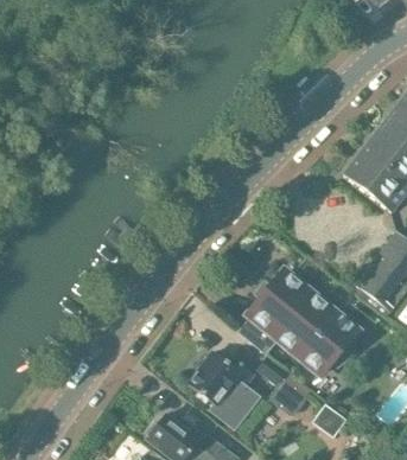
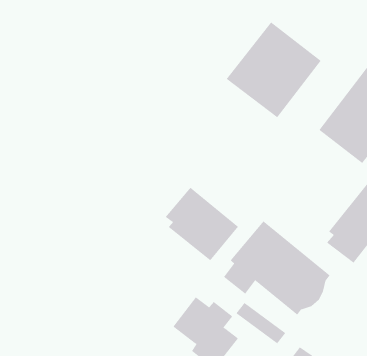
building: none -> [226,22,321,118]
building: none -> [165,187,239,261]

